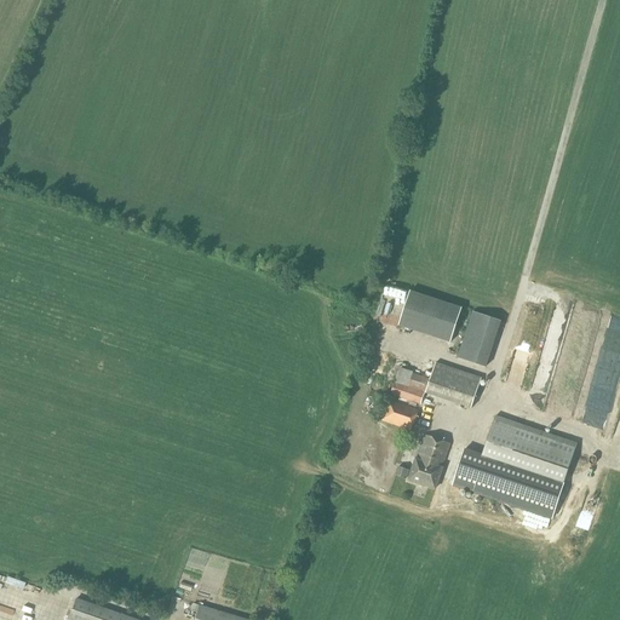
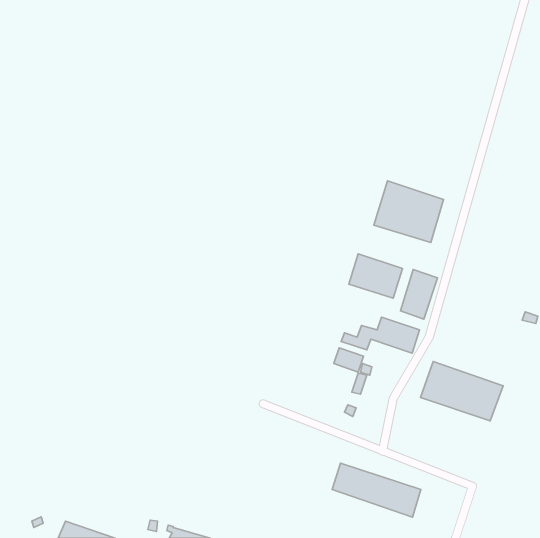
building: none -> [374,181,444,243]
building: [408,432,450,487] -> none
building: [460,452,562,513] -> [332,463,421,517]

